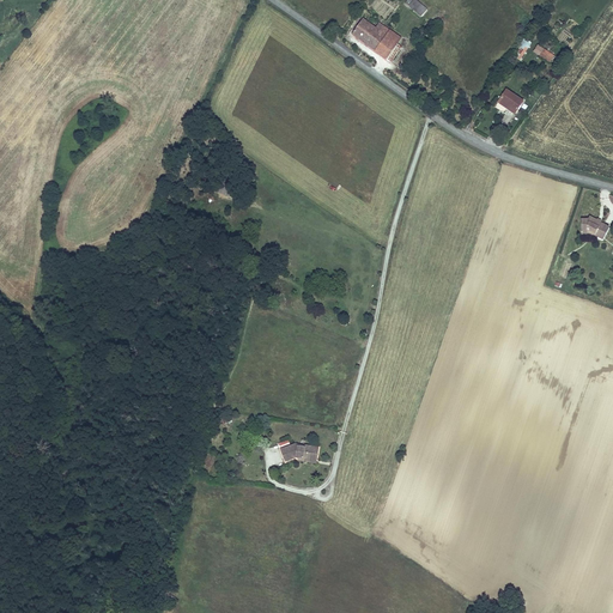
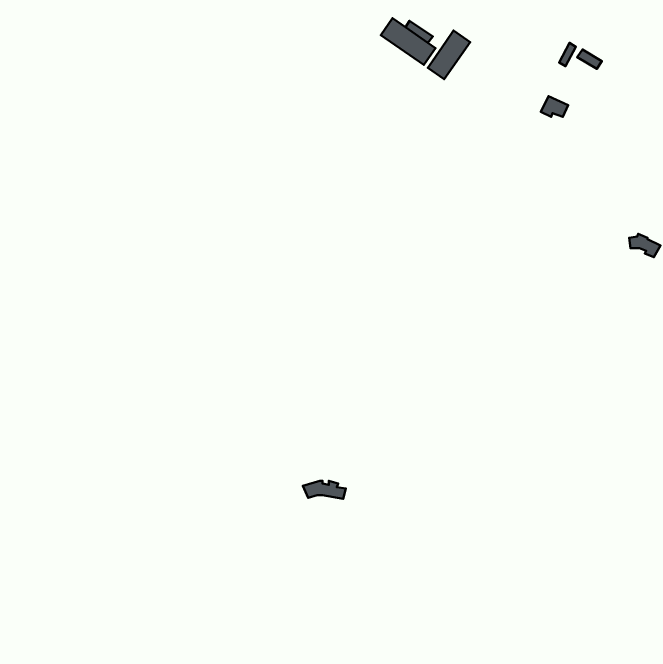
building: none -> [428,31,470,79]

